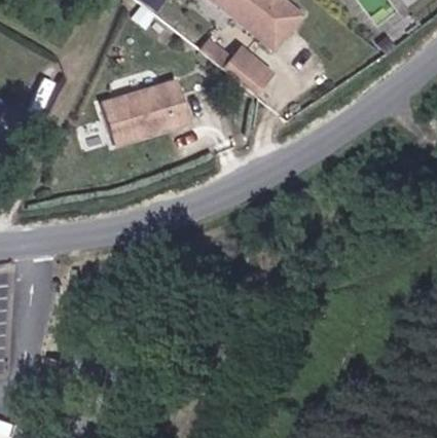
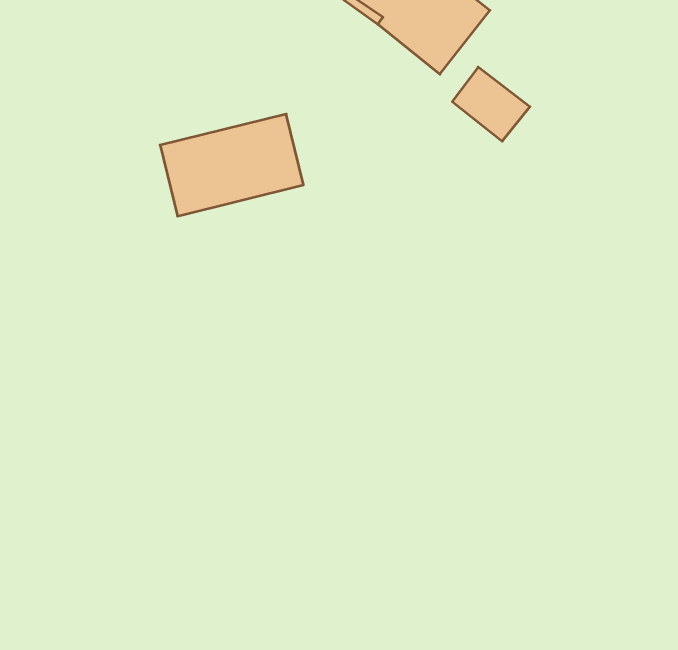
building: [228,48,275,93] -> [452,67,530,141]

